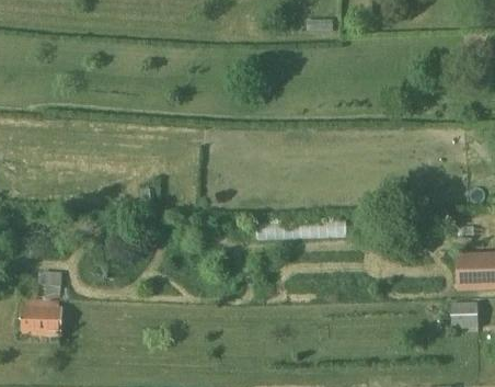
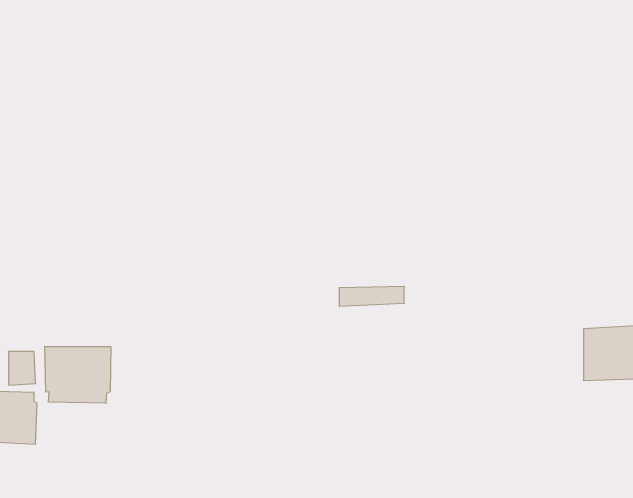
building: none -> [45,346,111,403]
building: [450,300,479,328] -> none

